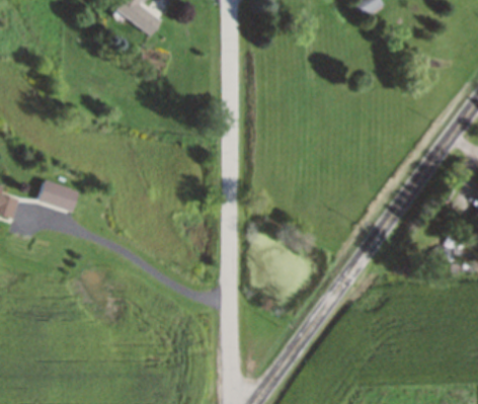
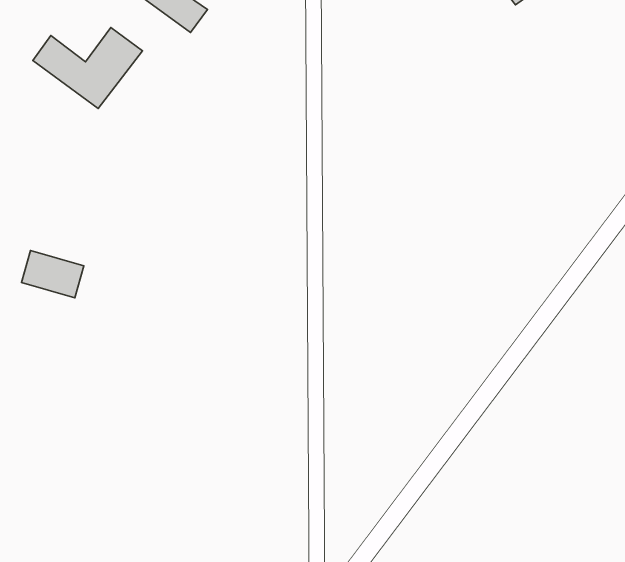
building: none -> [33,27,143,108]

